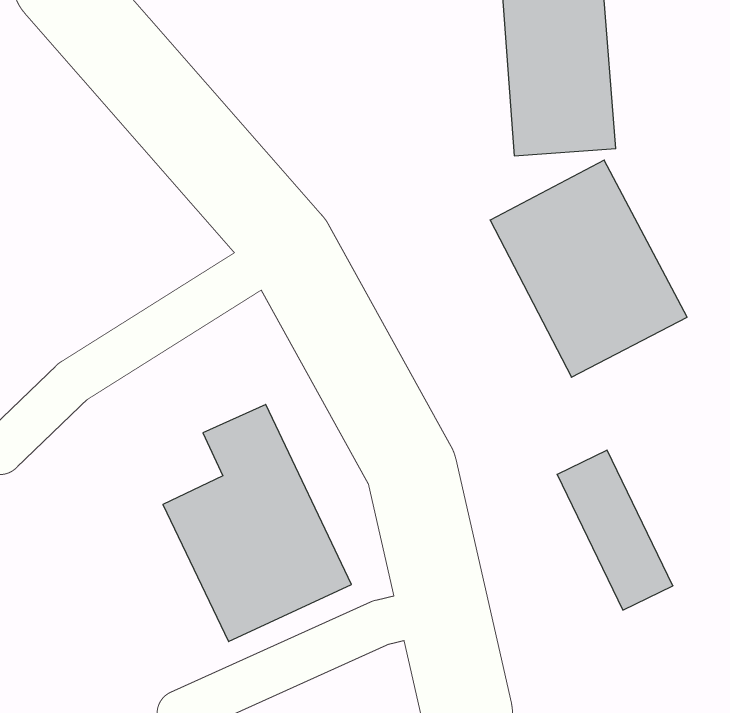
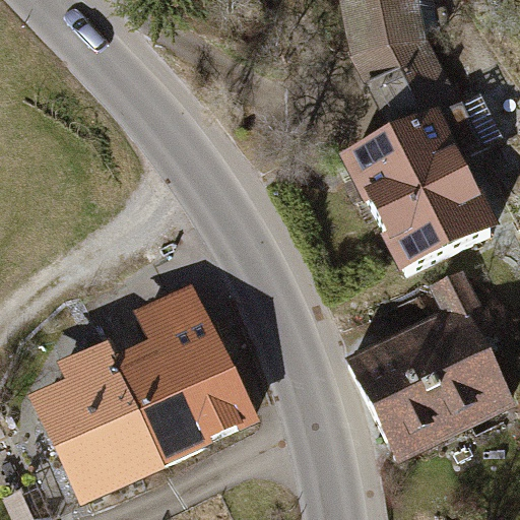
building: none -> [432,268,508,416]
building: none -> [359,337,443,452]
building: none -> [34,338,162,496]

